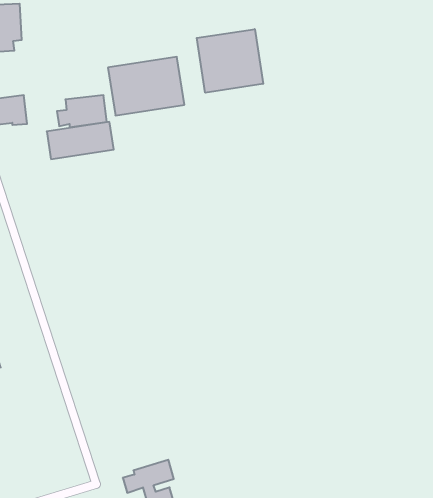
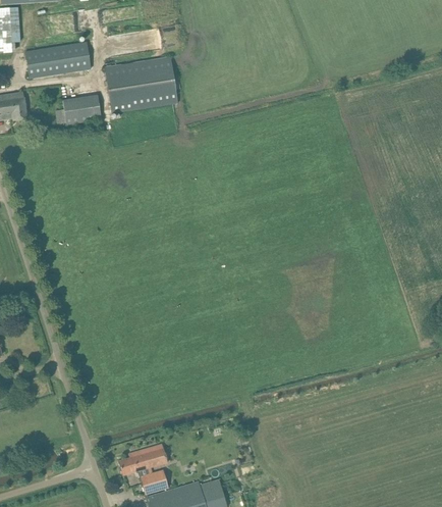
building: [197,29,263,93] -> none
building: [47,122,114,159] -> [24,42,89,78]

